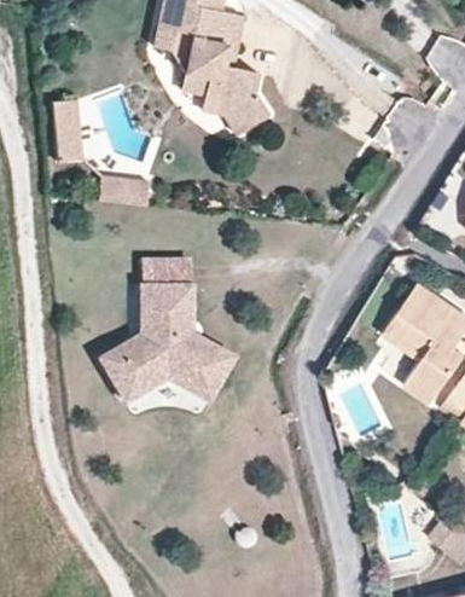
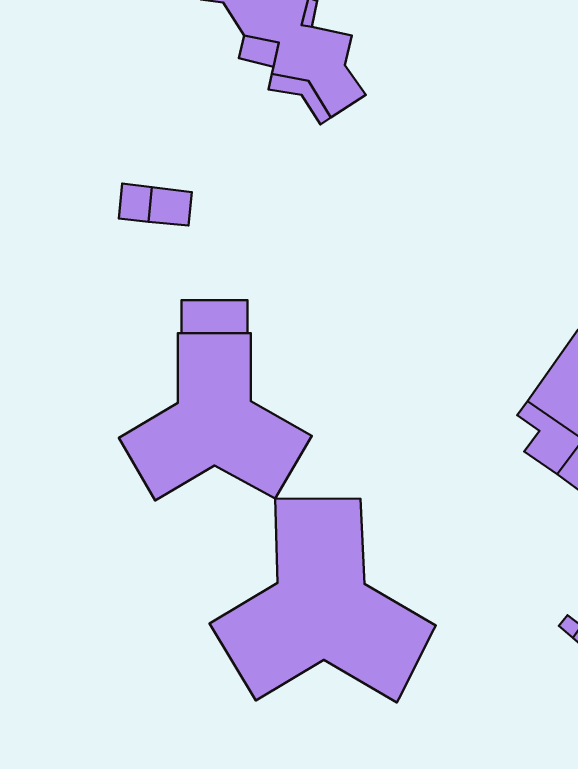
building: [54,104,83,167] -> none
building: none -> [209,499,436,702]

